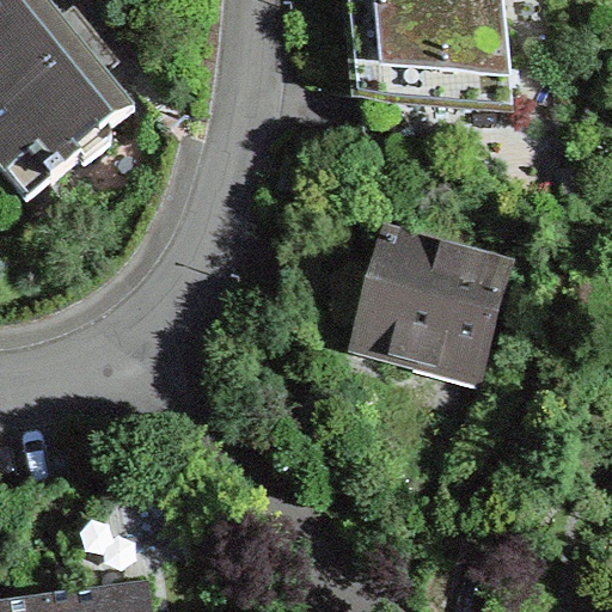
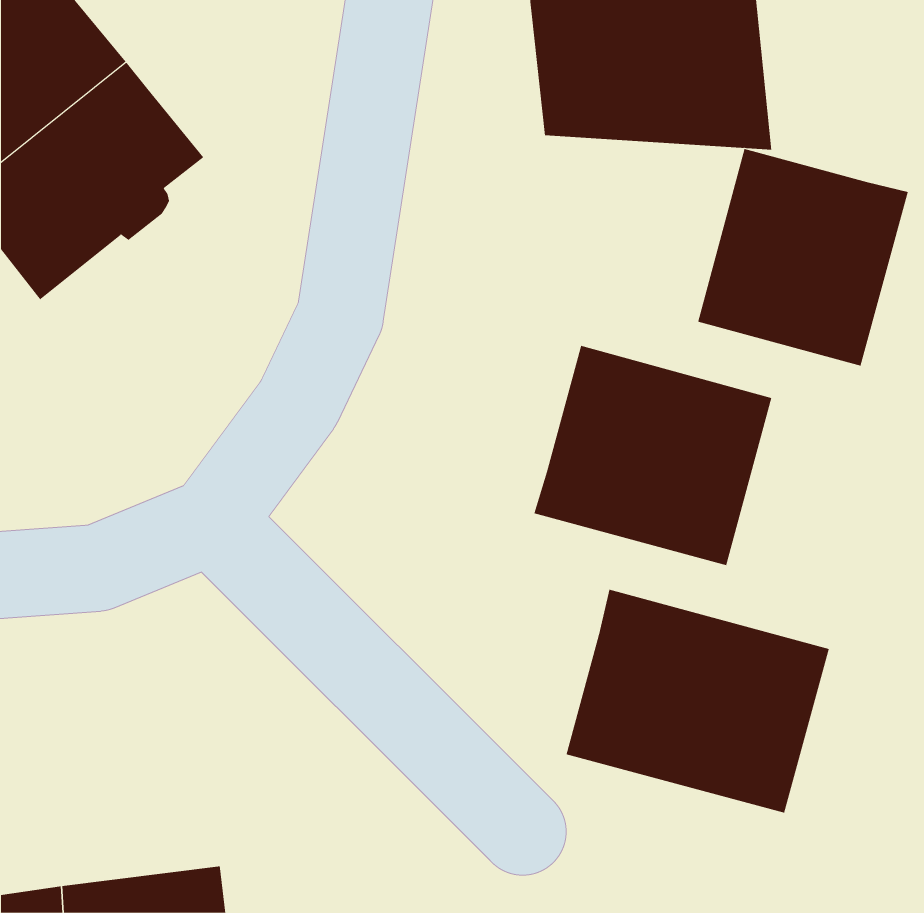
building: none -> [697,148,908,367]
building: none -> [566,589,830,813]

